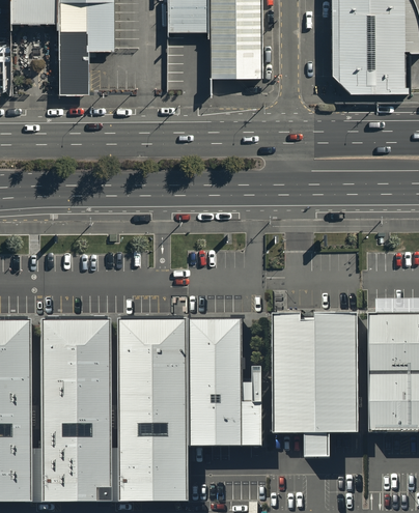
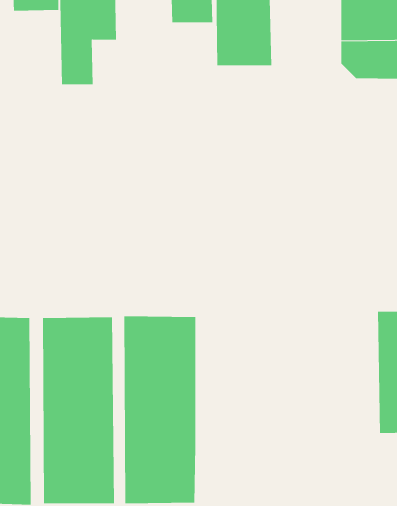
building: [270,313,358,457] -> none
building: [191,319,264,445] -> none

